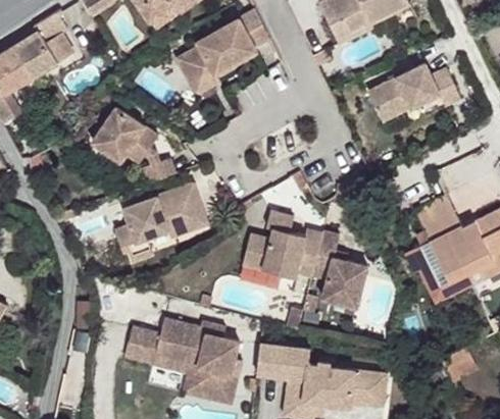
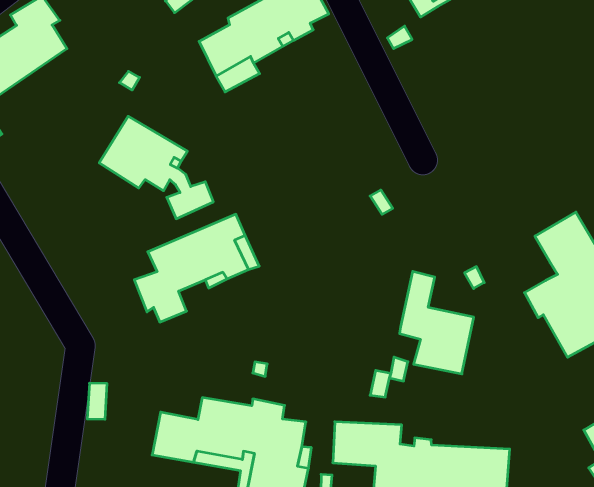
building: [368,61,461,120] -> none
building: [243,208,323,276] -> none

